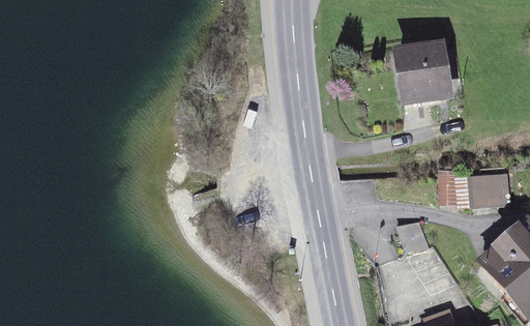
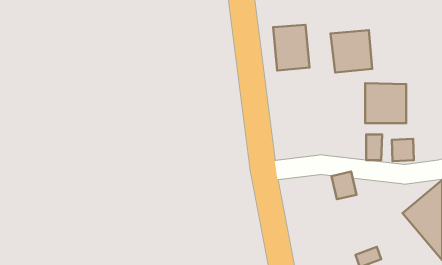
building: none -> [273,25,309,71]
building: none -> [365,83,406,123]

